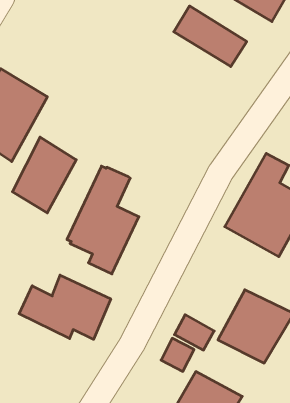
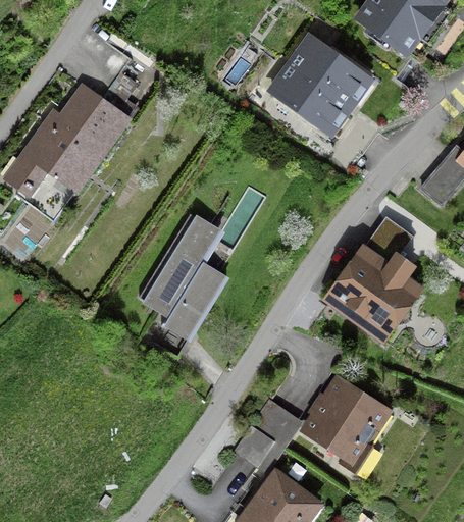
building: none -> [269,61,354,139]
building: [12,137,76,213] -> none
building: [19,275,111,339] -> none

